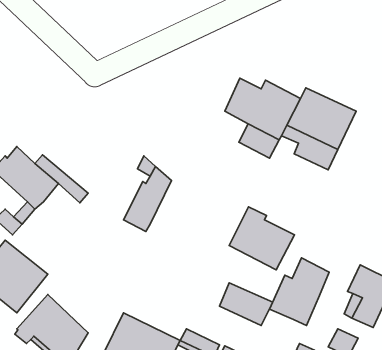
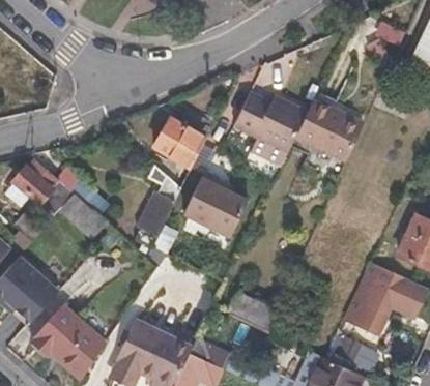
building: none -> [159,119,213,174]
building: none -> [58,196,103,239]
building: [229,207,294,270] -> [187,177,250,238]
building: [270,258,329,326] -> none

